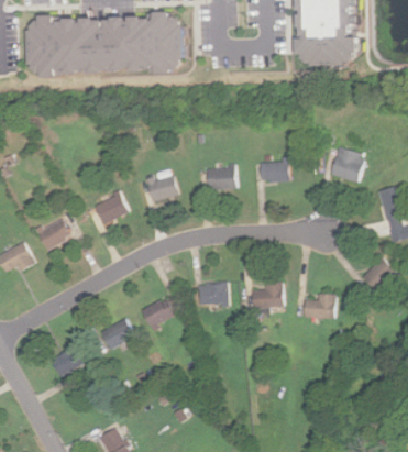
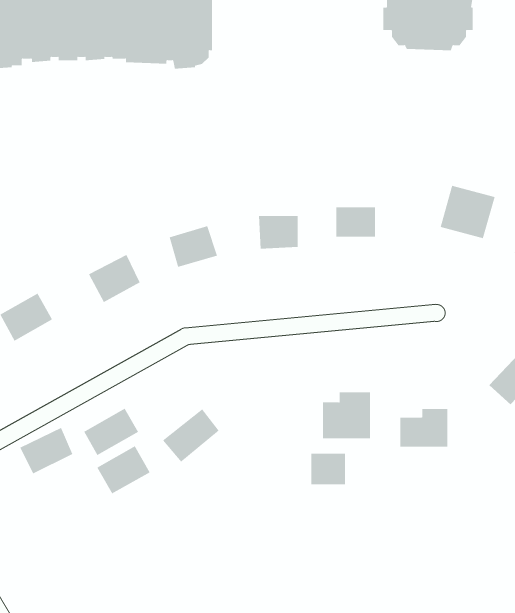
building: [200,284,223,305] -> [310,453,346,485]
building: none -> [83,408,139,456]
building: [52,345,87,376] -> [19,427,73,474]

